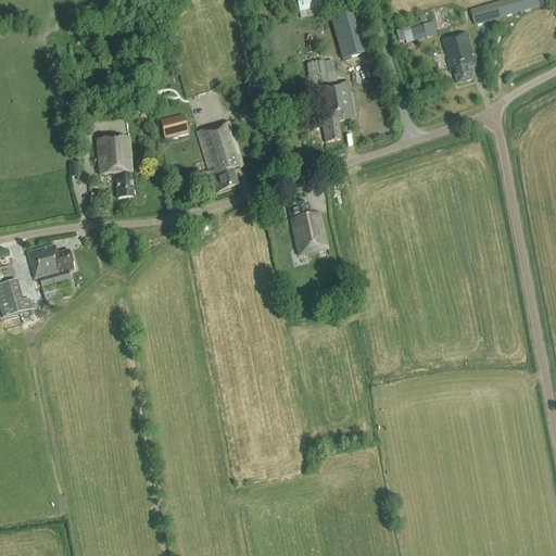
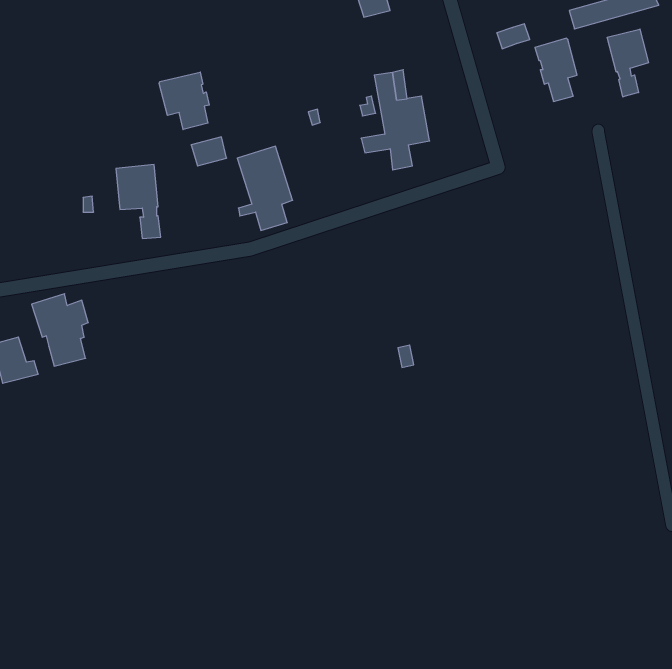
building: [329,9,368,58] -> none
building: none -> [607,29,649,97]
building: none -> [159,72,209,130]
building: [288,202,326,253] -> none

